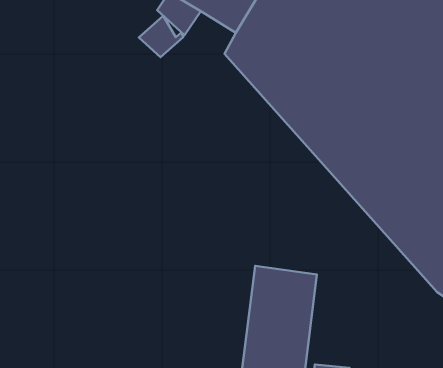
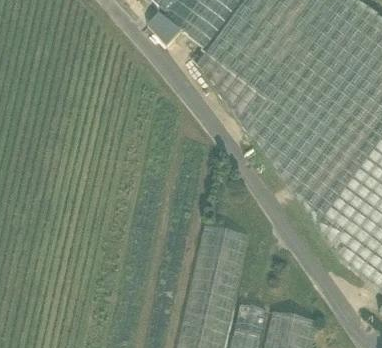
building: [139,16,183,57] -> none

